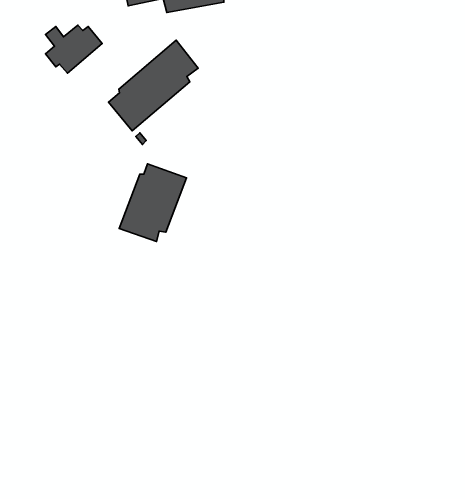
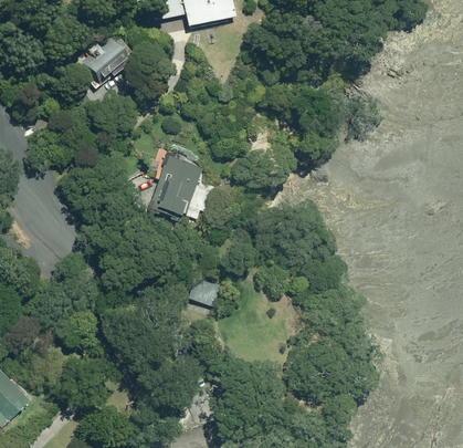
building: [109,40,198,131] -> none
building: none -> [190,280,218,304]

